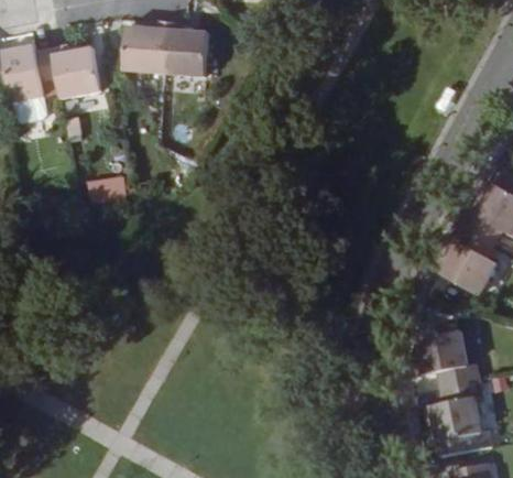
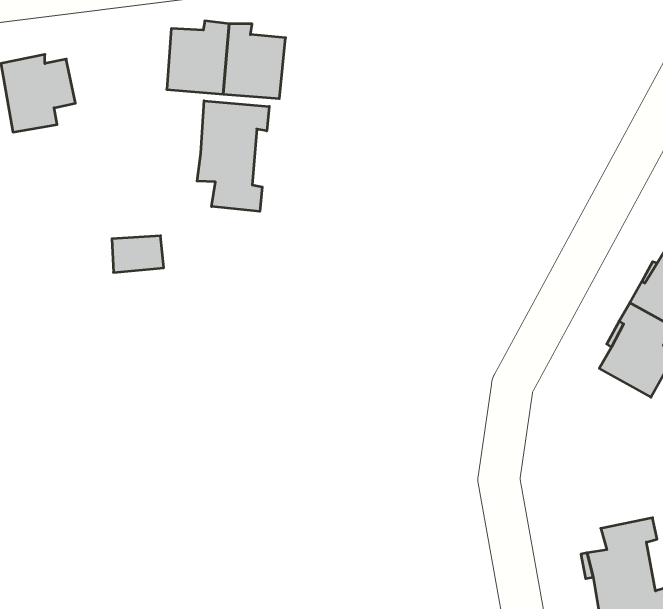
building: [53,45,102,99] -> none
building: none -> [197,101,269,211]
building: [415,327,477,388] -> none

